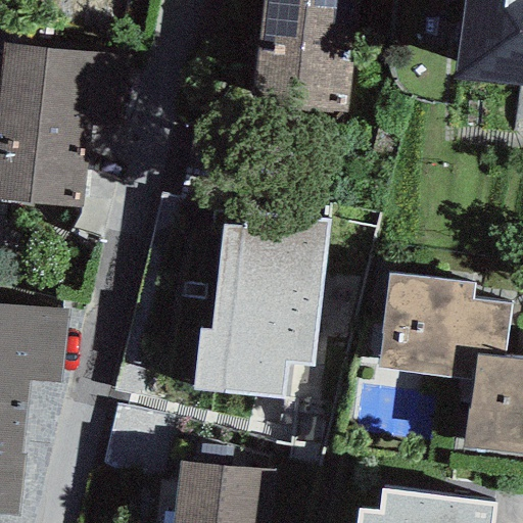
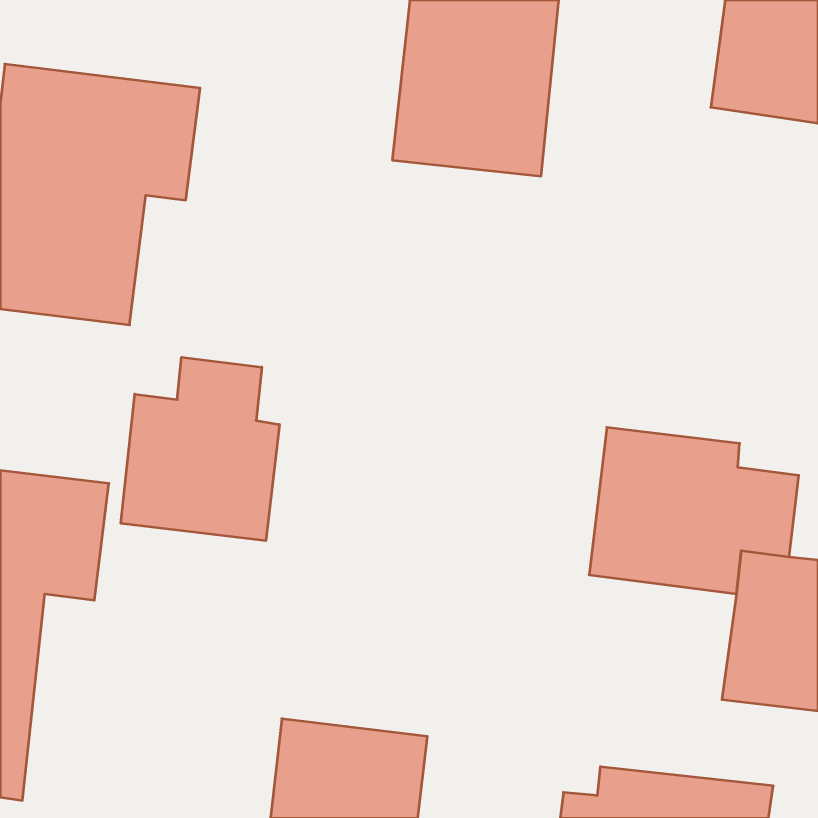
building: [221,205,334,370] -> none
building: none -> [121,357,279,541]

